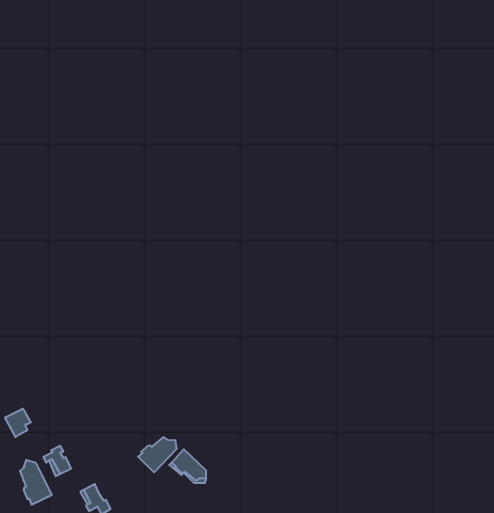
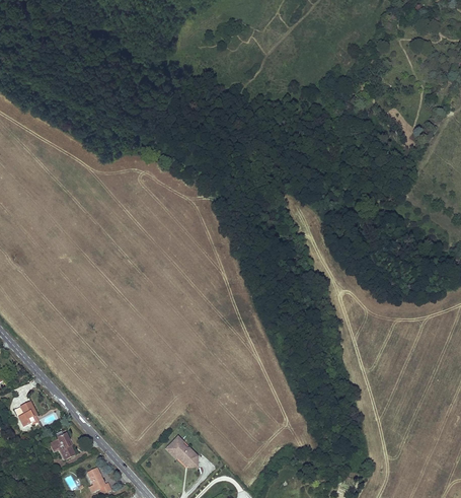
building: [138,437,176,472] -> none
building: [20,460,52,505] -> none

